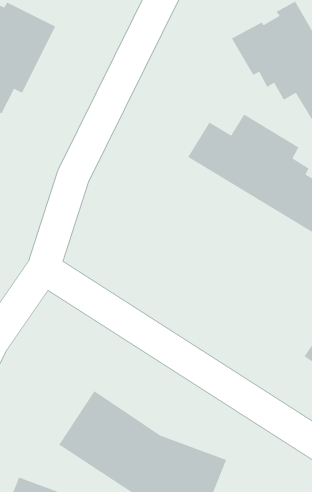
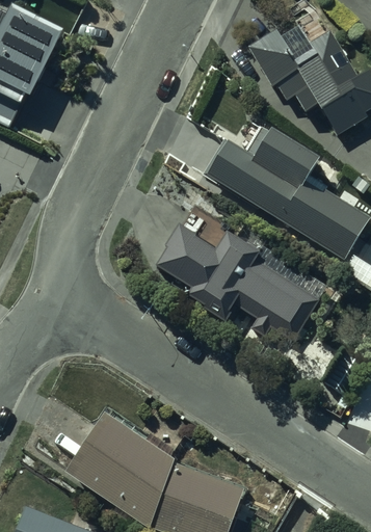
building: none -> [153,225,327,339]

